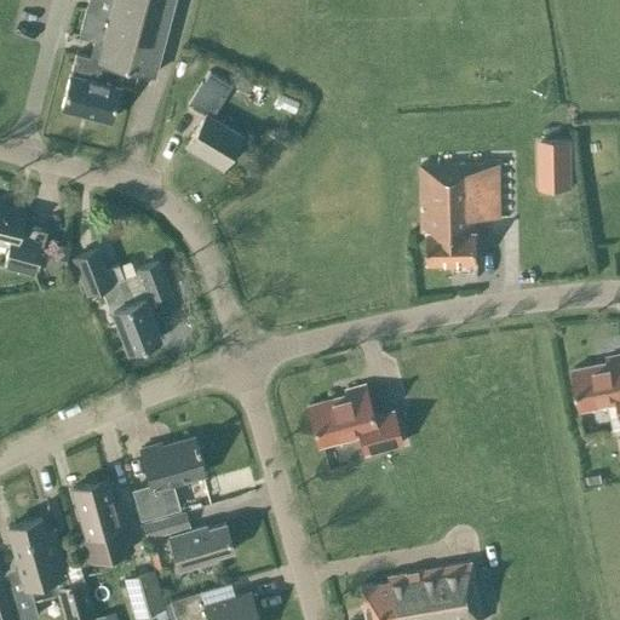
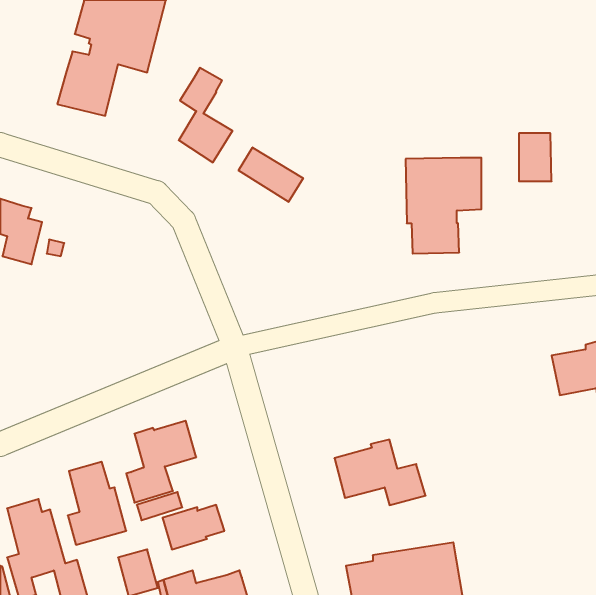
building: none -> [239,147,303,202]
building: [74,251,170,352] -> none
building: [308,388,402,455] -> [334,440,426,505]

